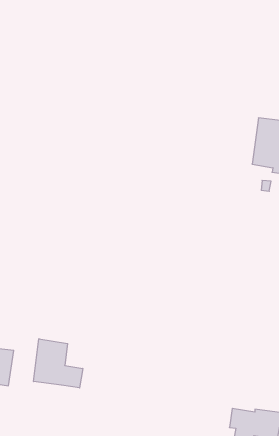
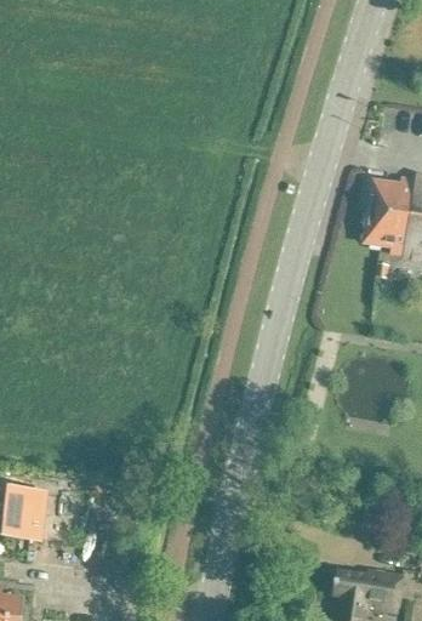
building: [34,339,83,388] -> none

